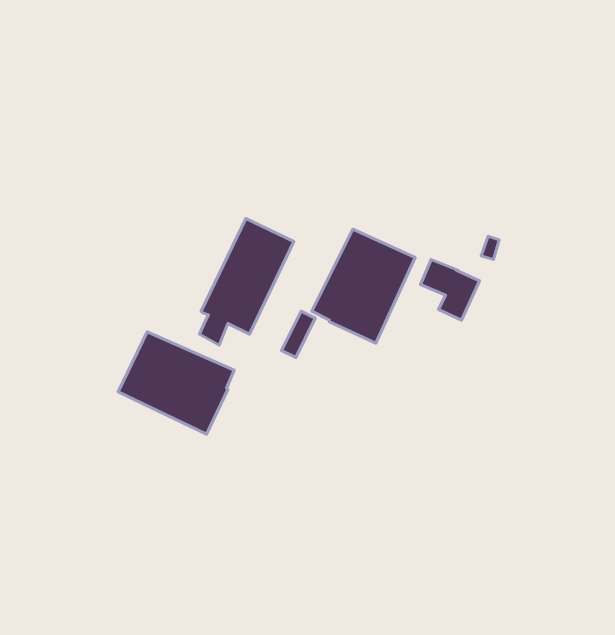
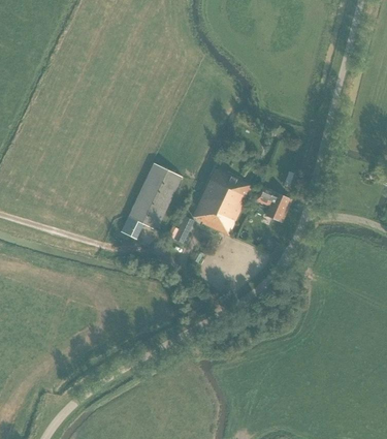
building: [118,332,234,434] -> none

